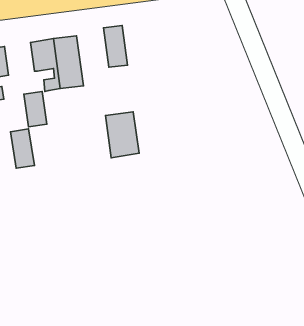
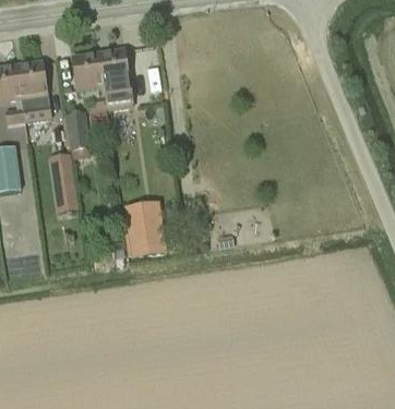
building: [103,26,128,67] -> none
building: [105,112,139,158] -> [127,203,165,255]

